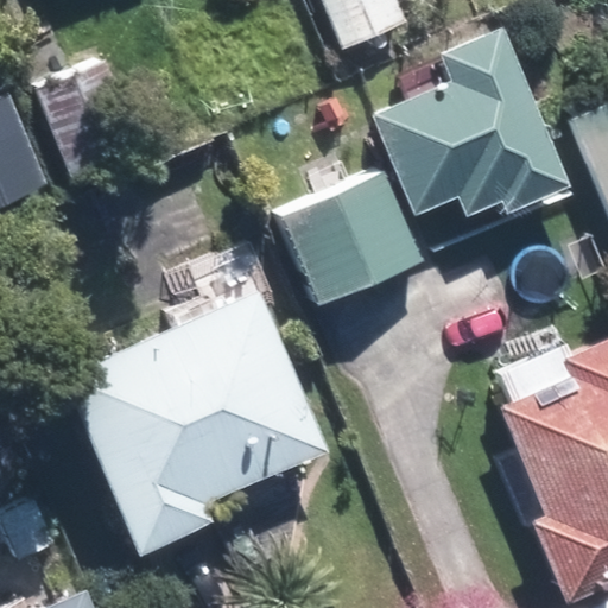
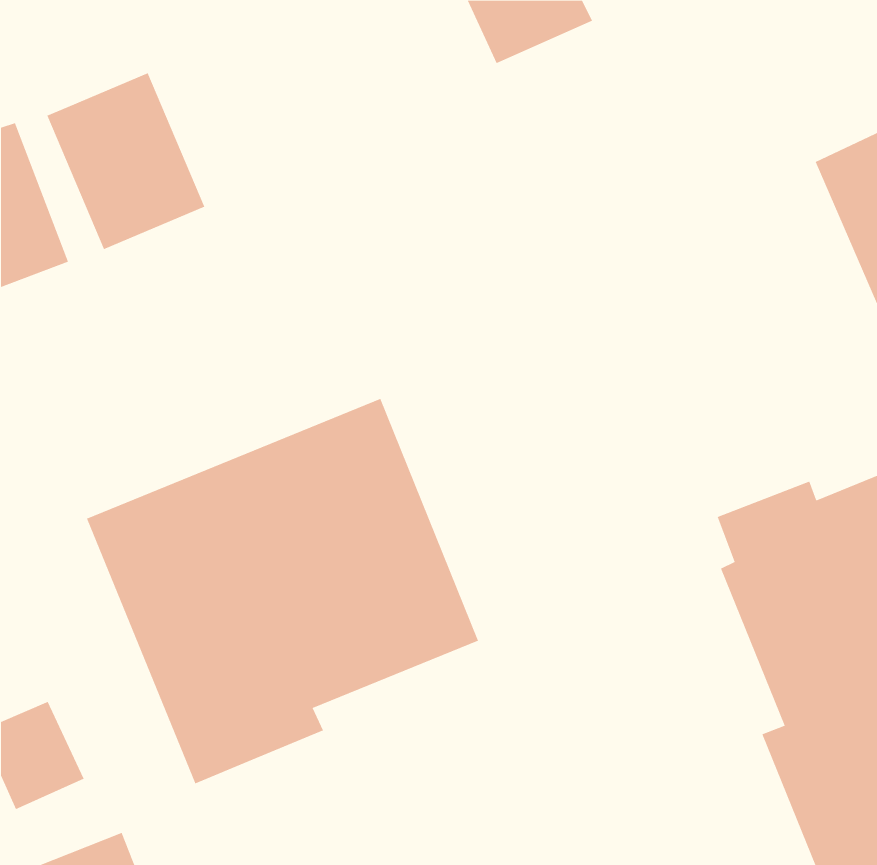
building: [369,24,574,216] -> none
building: [279,175,423,310] -> none

